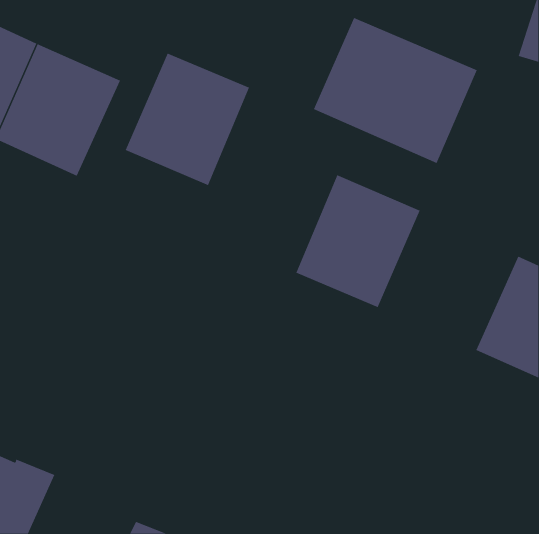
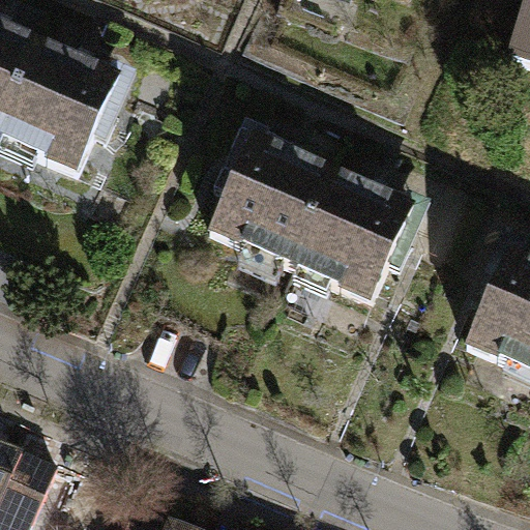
building: [313,17,477,164] -> none
building: [125,53,250,186] -> [207,137,329,267]

